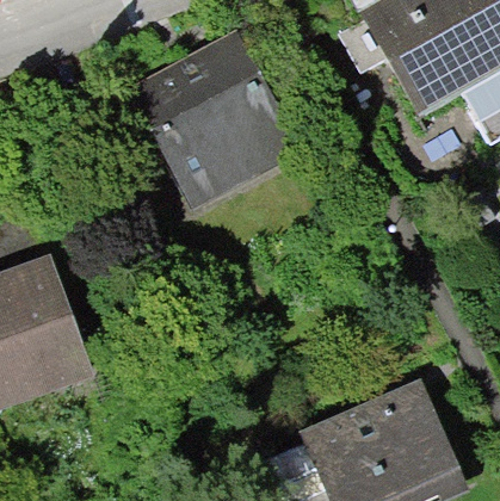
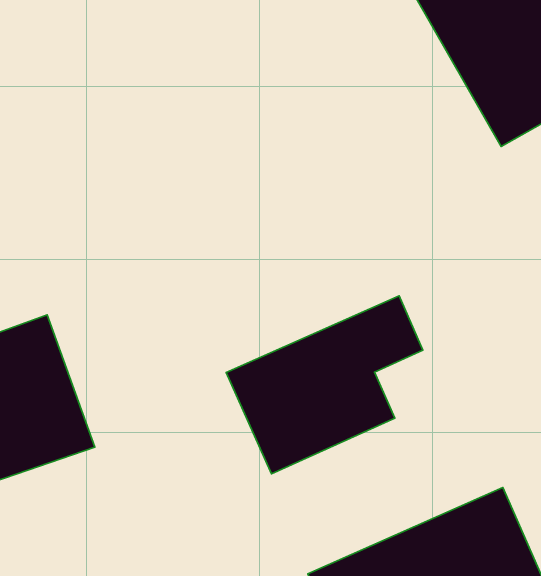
building: [158,37,285,191] -> none
building: none -> [226,296,423,474]

